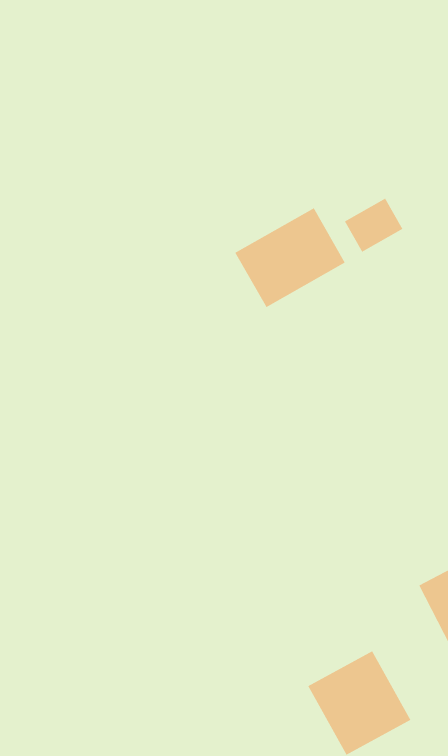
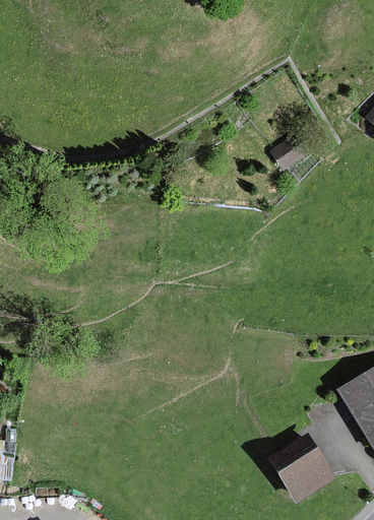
building: [234,207,346,308] -> none

